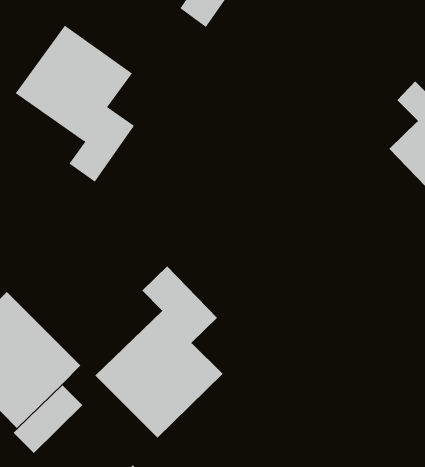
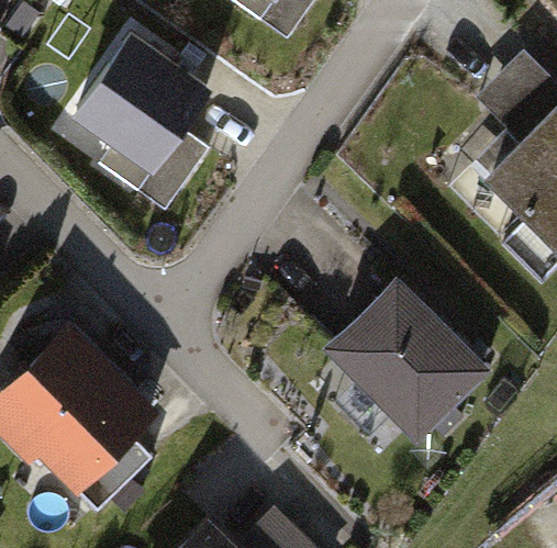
building: none -> [330,281,479,430]
building: [94,265,224,439] -> none

